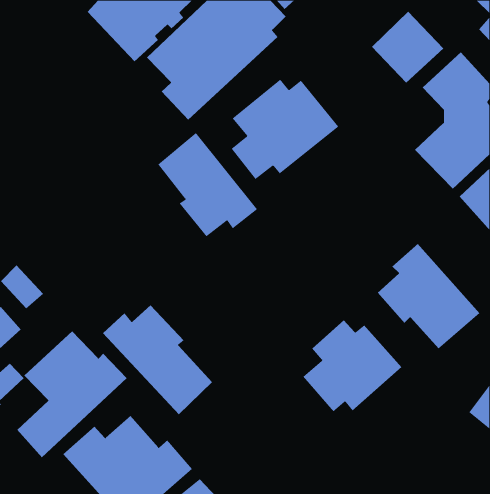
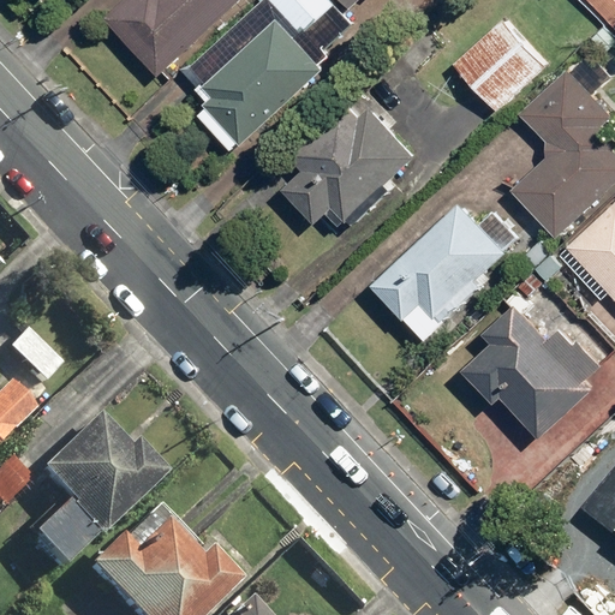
building: [157,132,258,237] -> none
building: none -> [375,204,509,324]
building: [102,305,213,415] -> none
building: [303,319,402,412] -> none

